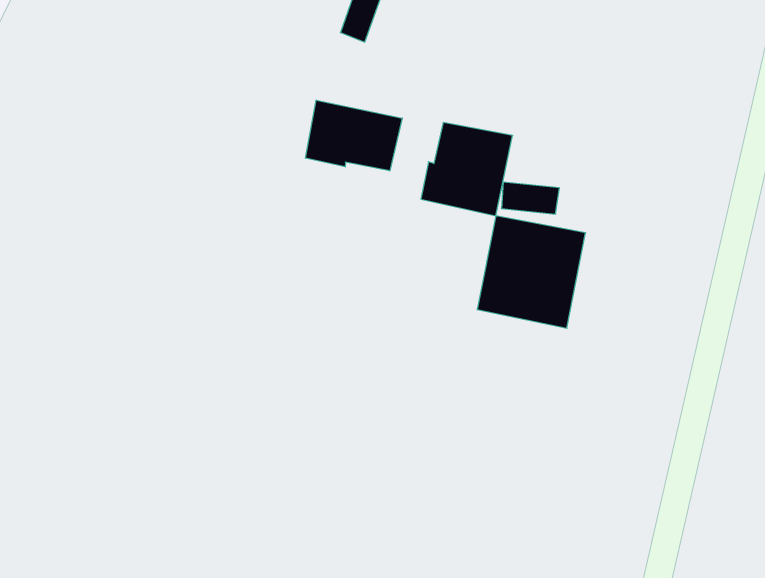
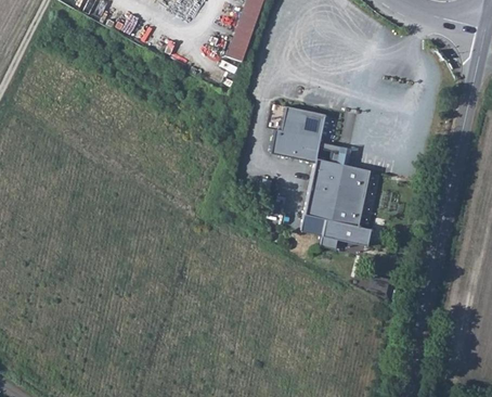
building: [305,100,402,171] -> none
building: none -> [302,215,372,249]

